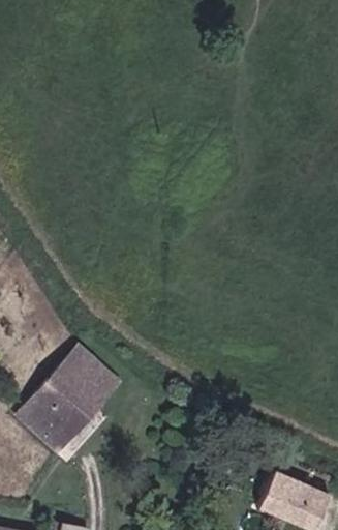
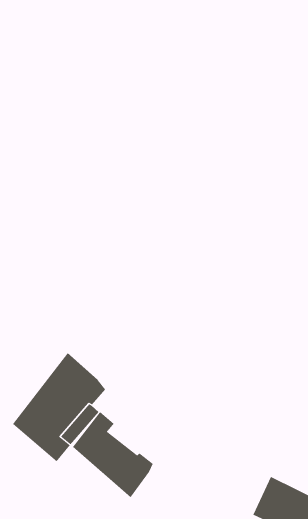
building: none -> [72,411,154,498]

